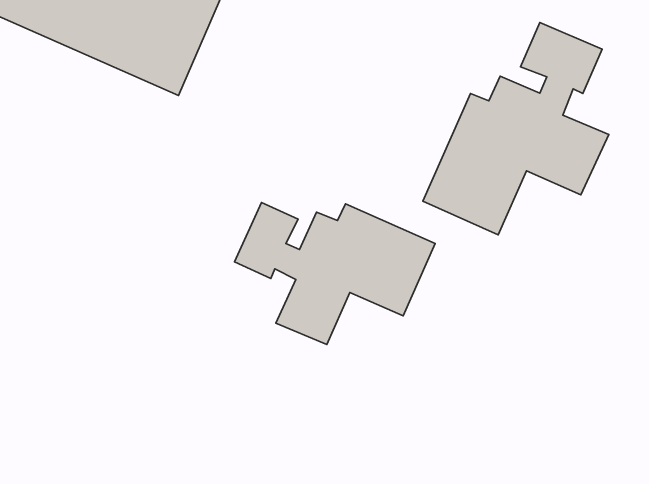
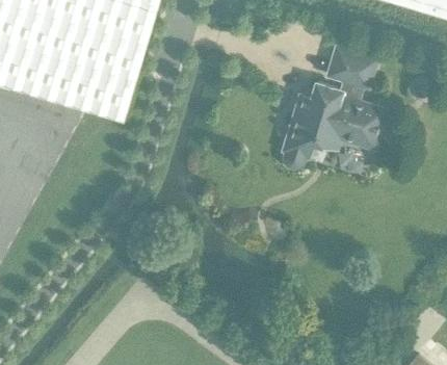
building: [234,203,435,344] -> none

